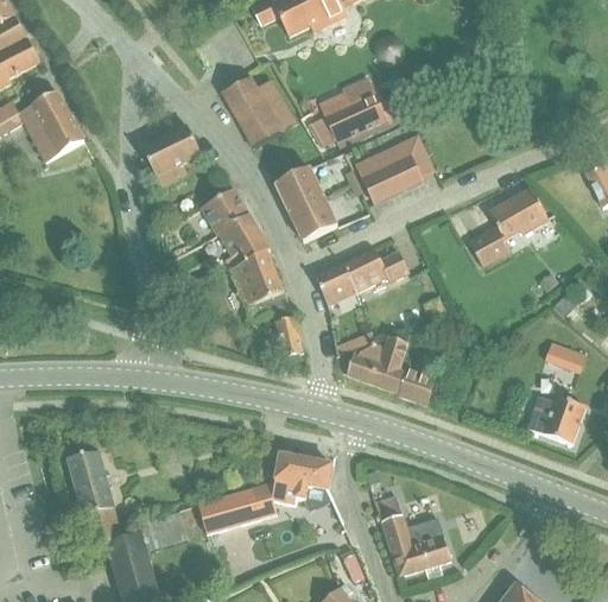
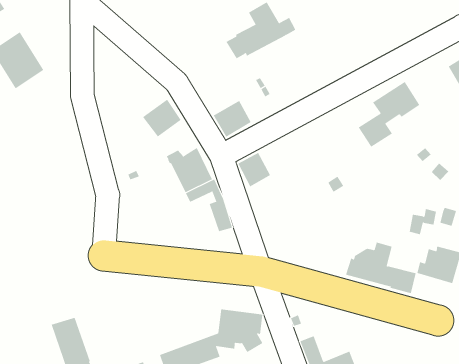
building: [221,75,296,147] -> none
building: [141,125,201,186] -> none
building: [355,134,433,203] -> none
building: [274,167,323,213] -> none
building: [218,215,270,260] -> none
building: [342,247,407,292] -> none
building: [346,336,435,404] -> [345,242,417,294]

